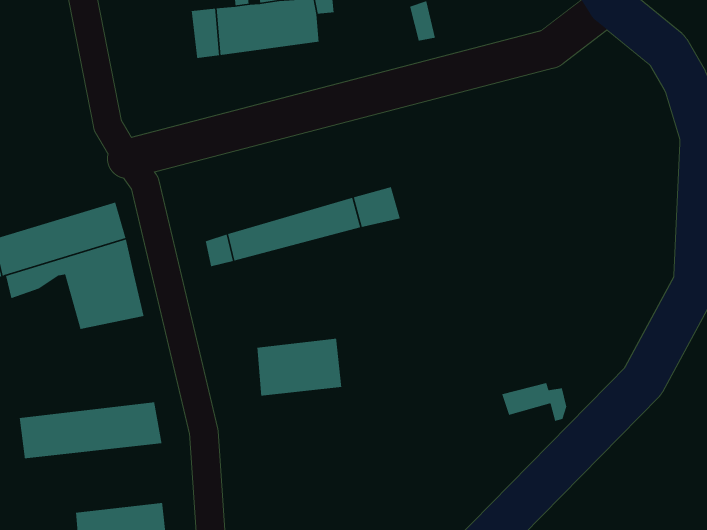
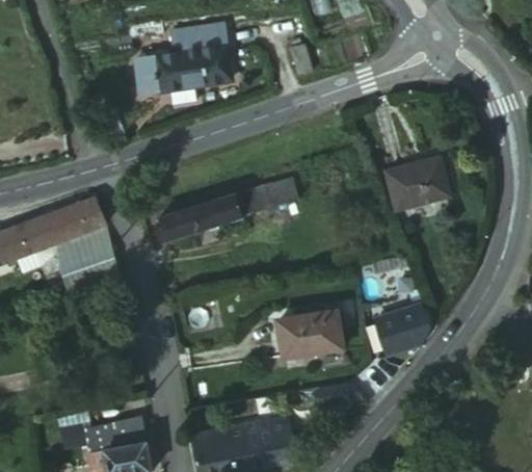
building: none -> [387,163,451,218]
building: [256,338,342,397] -> [281,309,344,355]
building: [19,402,162,459] -> none
building: none -> [379,323,421,357]

